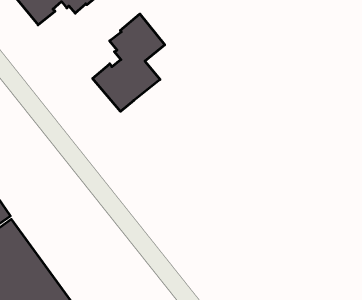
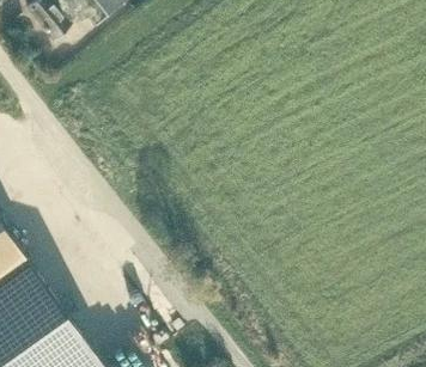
building: [93,14,165,111] -> none

